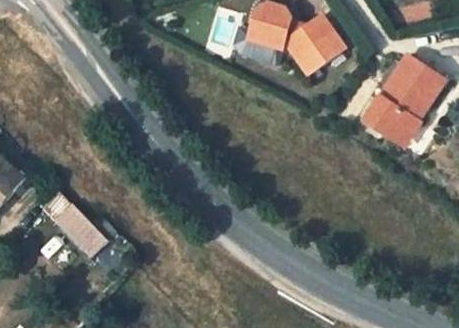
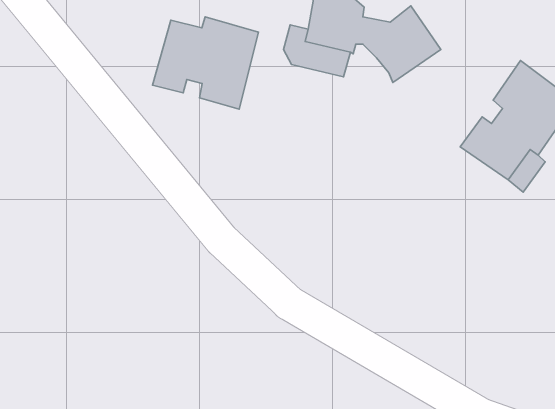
building: none -> [152,17,258,109]
building: [50,205,104,259] -> none

